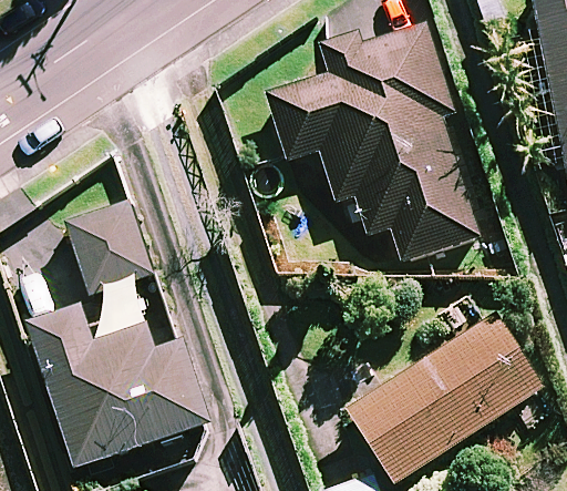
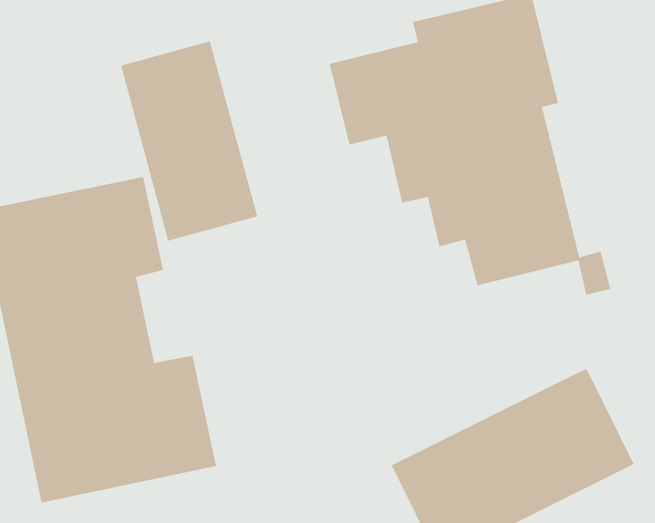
building: none -> [120,41,258,241]

